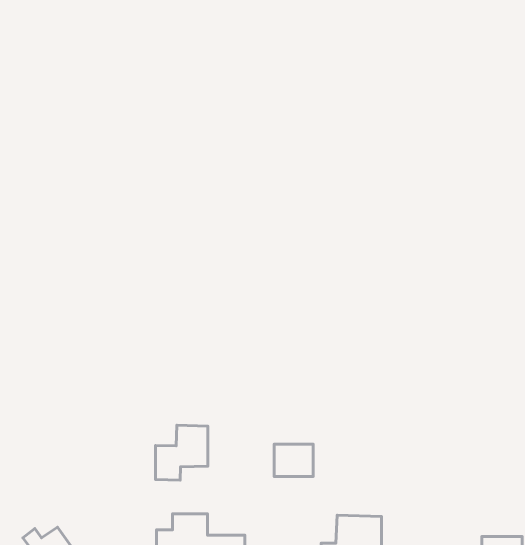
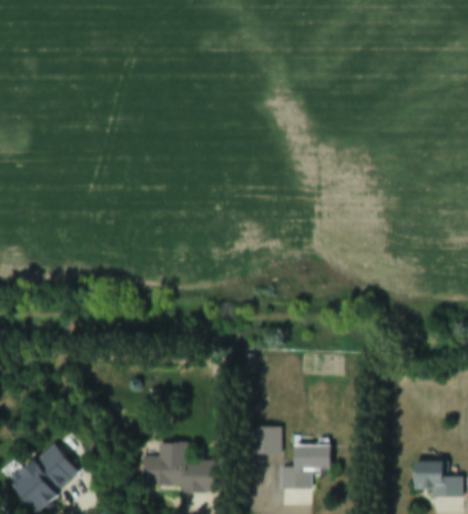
building: [155,425,208,480] -> none
building: [274,444,313,476] -> [248,426,281,453]

